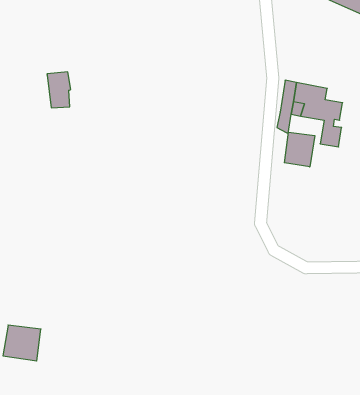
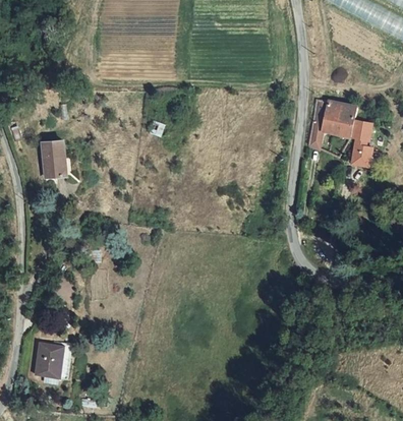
building: [47,72,71,108] -> [43,141,66,177]
building: [284,132,315,167] -> none

